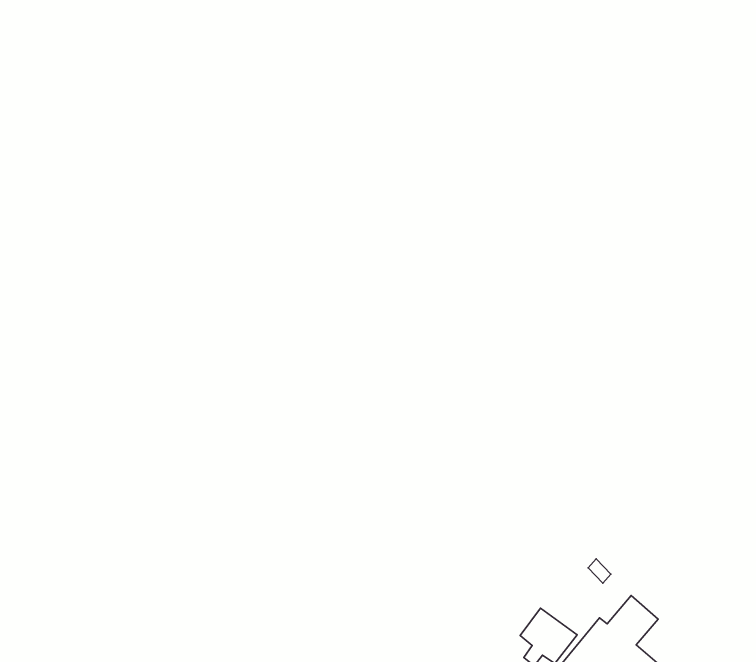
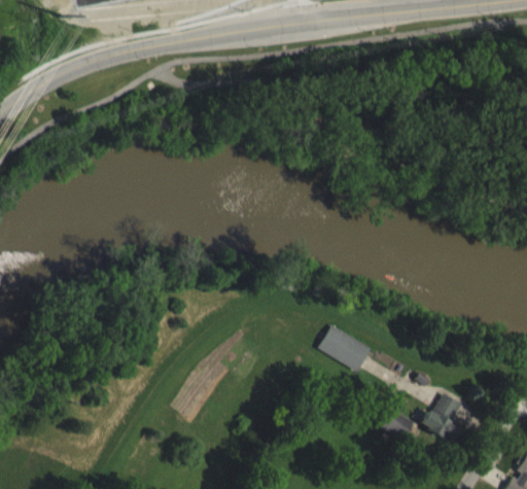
building: none -> [317,324,370,372]

